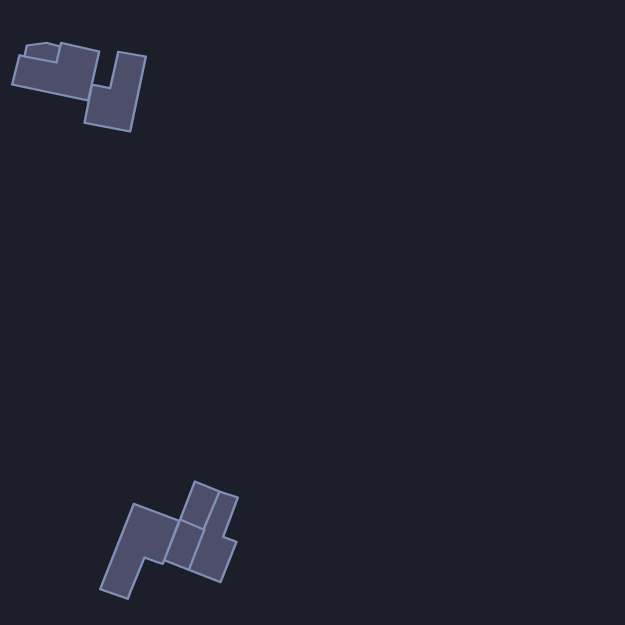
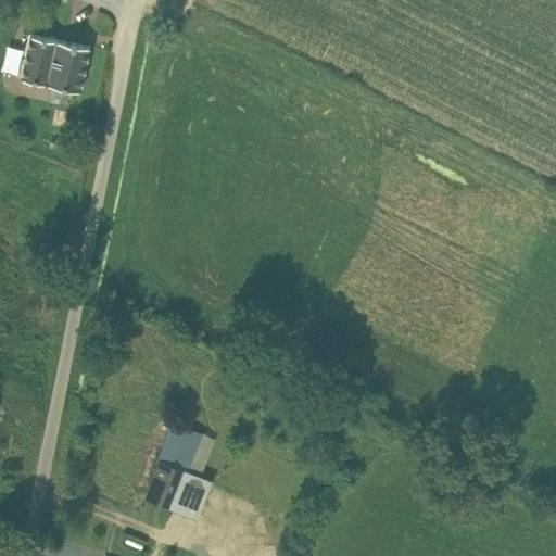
building: [84,52,146,132] -> none
building: [100,504,179,599] -> none

